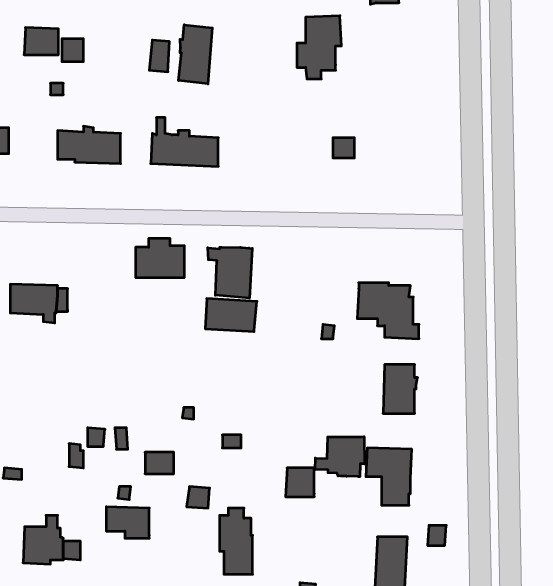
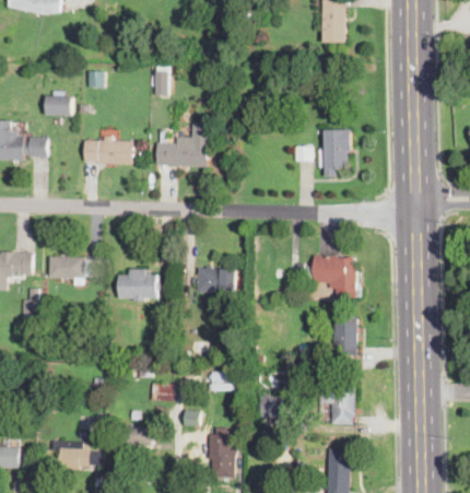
building: [297,16,341,79] -> [317,128,351,176]
building: [179,25,212,84] -> none
building: [24,28,58,55] -> [45,94,71,115]
building: [136,239,184,277] -> [118,268,155,297]
building: [208,247,252,298] -> none
building: [315,437,365,477] -> none

